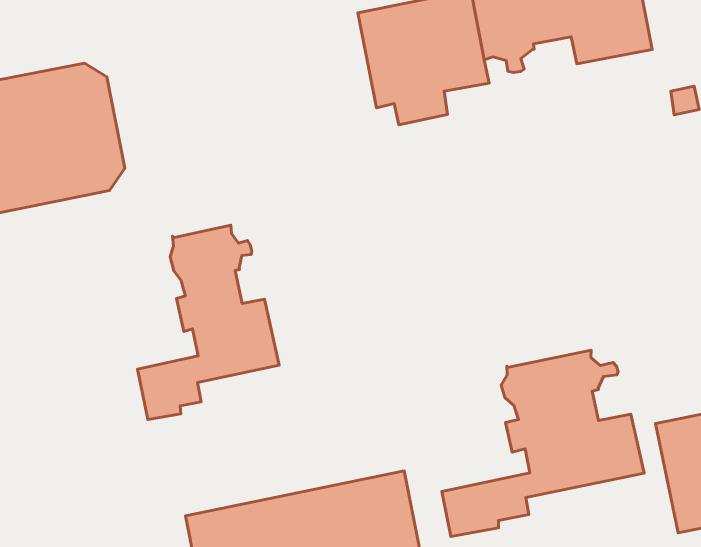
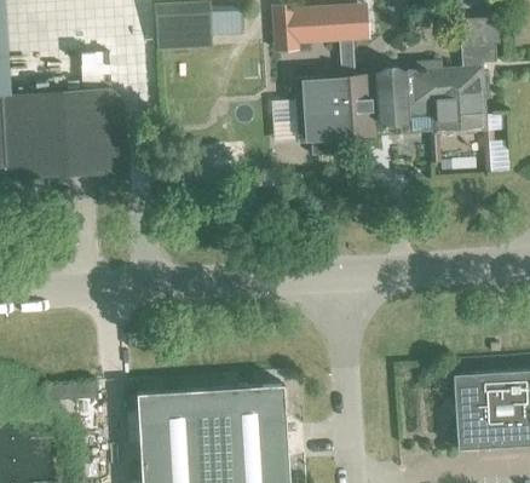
building: [137,225,279,420] -> none
building: [442,350,644,537] -> none

